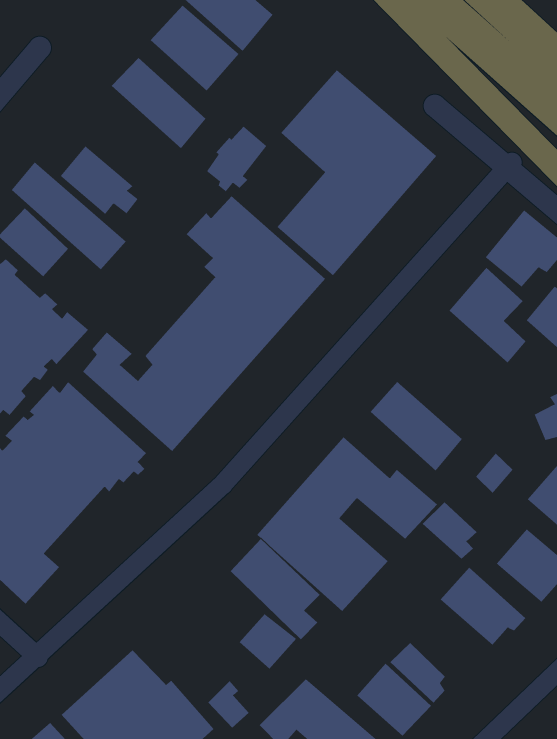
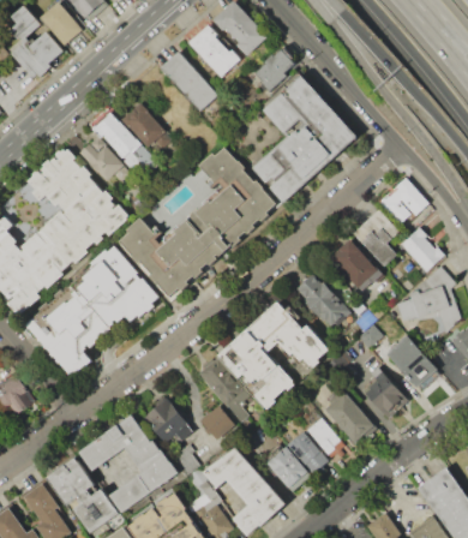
building: [206,126,267,192] -> [254,48,294,88]
building: none -> [330,239,380,291]
building: [422,501,478,560] -> [305,418,338,455]
building: none -> [143,397,187,442]

